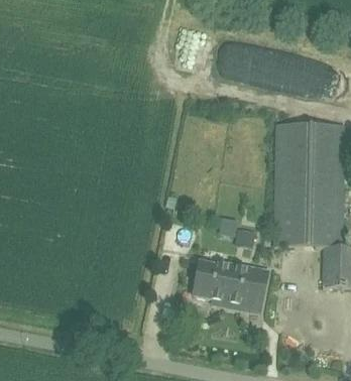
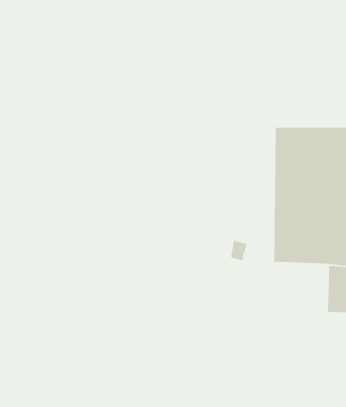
building: [194,260,268,311] -> none

